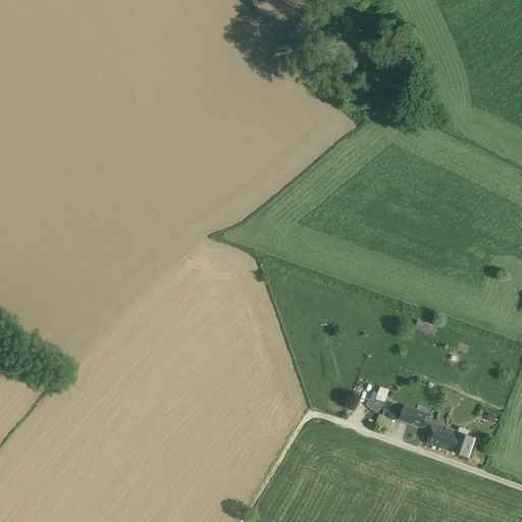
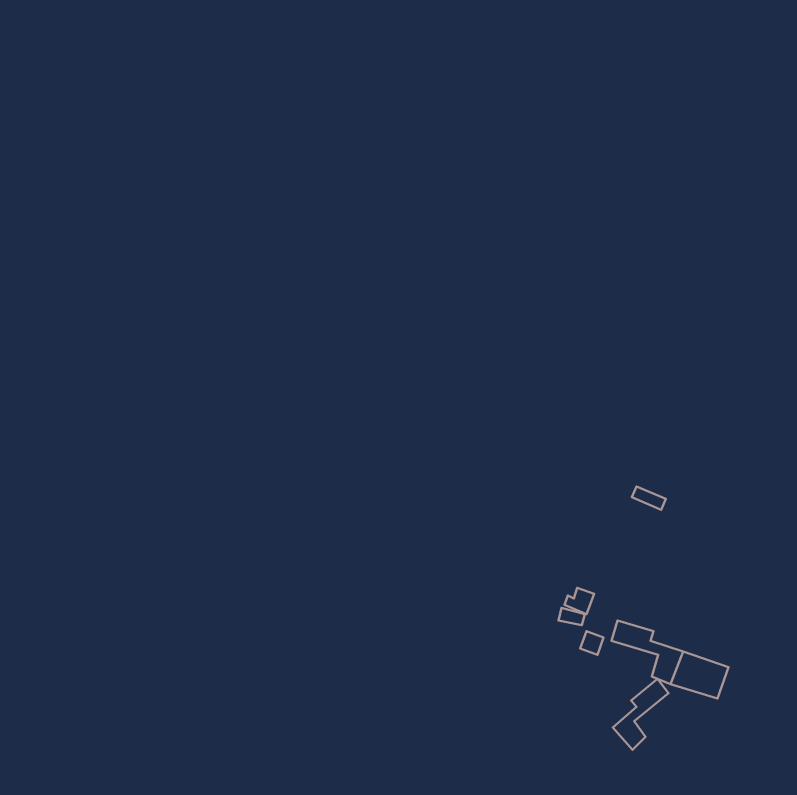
building: none -> [613,679,669,750]

